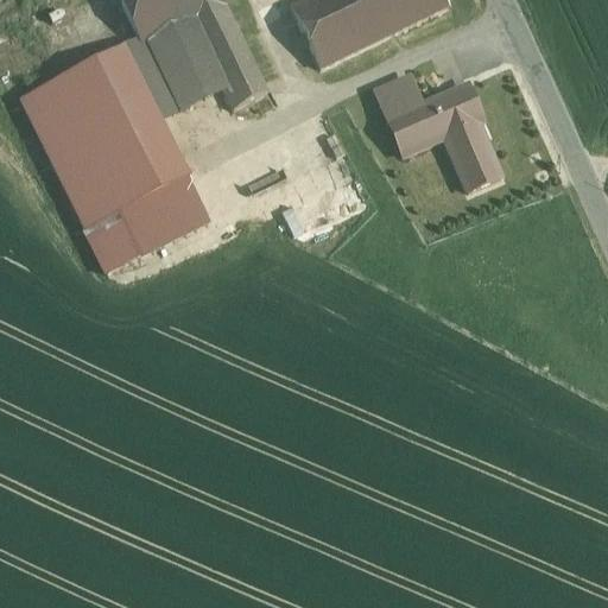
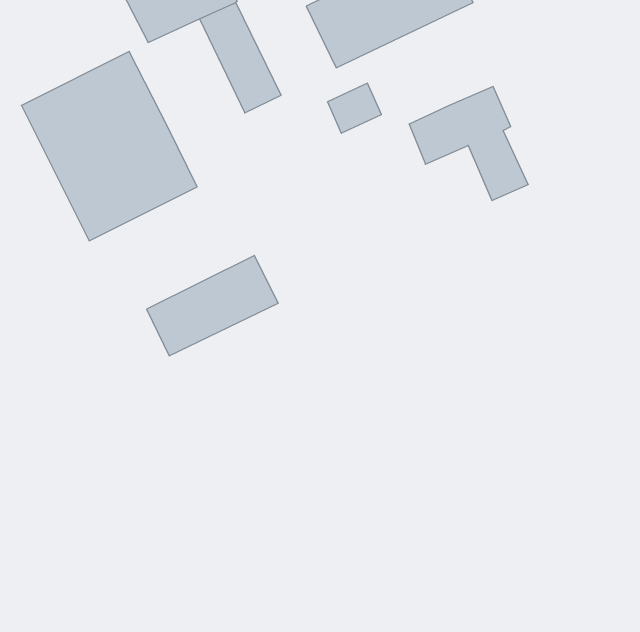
building: [122,18,223,121] -> none
building: [374,70,425,118] -> [327,83,381,133]
building: [84,177,209,272] -> [147,255,278,356]

